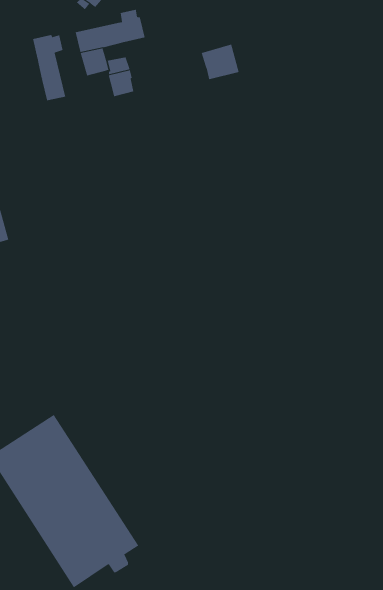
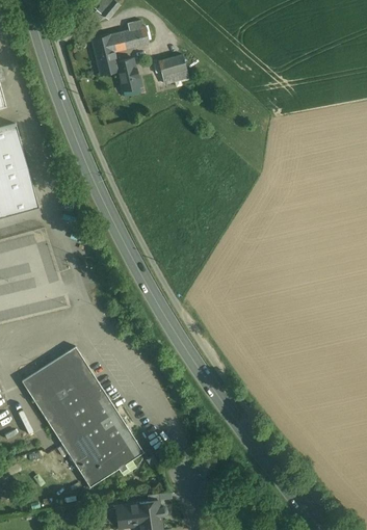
building: [32,34,66,101] -> none
building: [201,44,240,80] -> [157,55,188,84]

